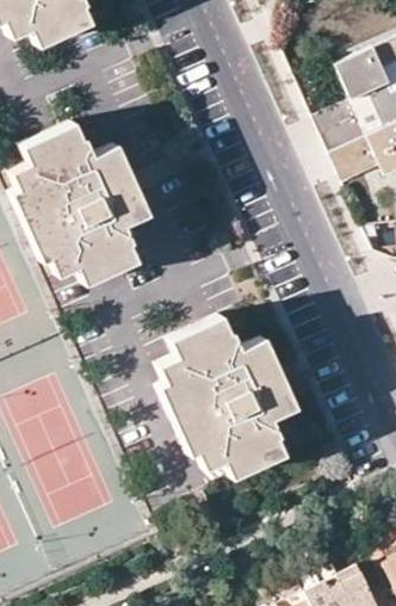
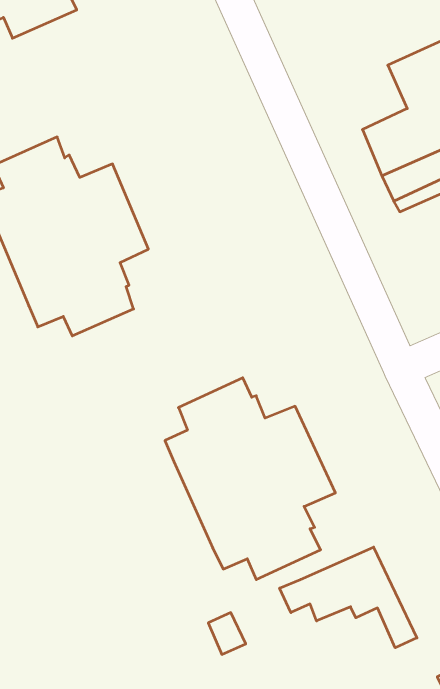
building: none -> [280,547,417,648]

